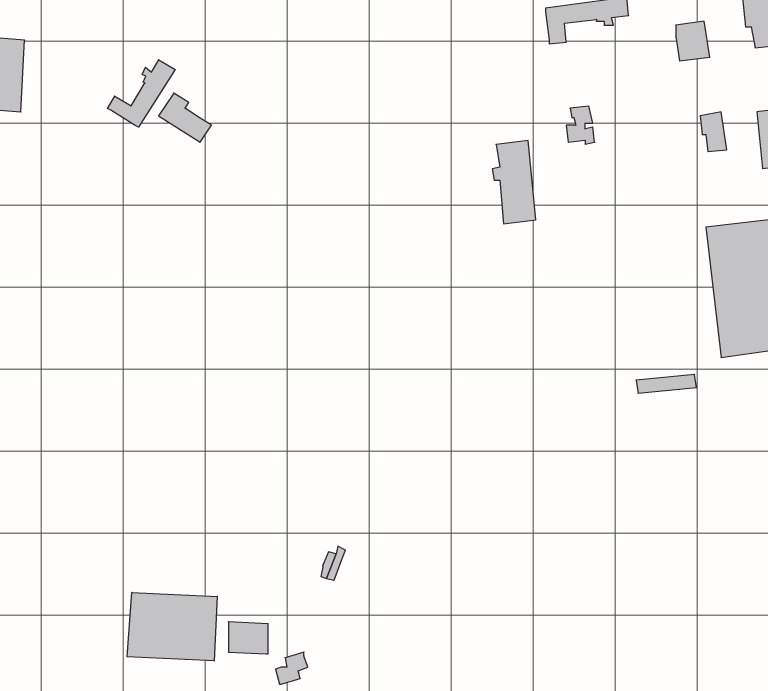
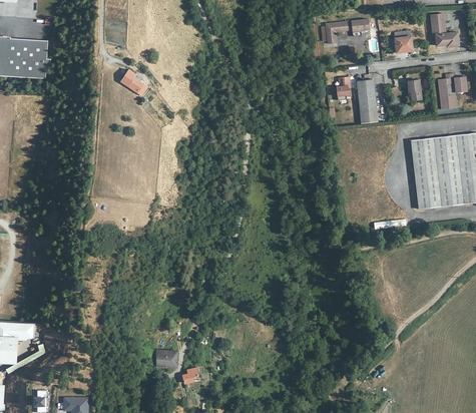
building: [107,60,175,127] -> none
building: [492,141,536,224] -> [354,79,377,123]
building: [127,592,217,661] -> none

